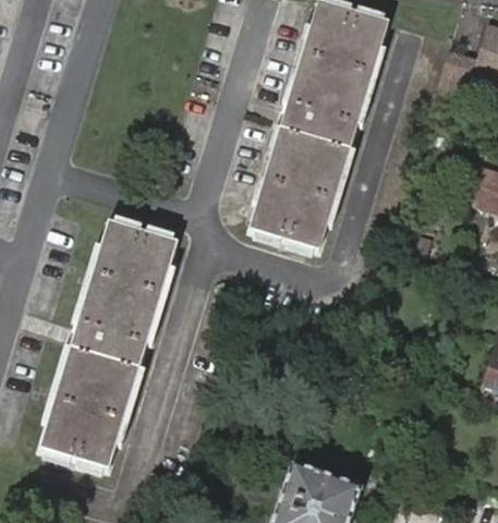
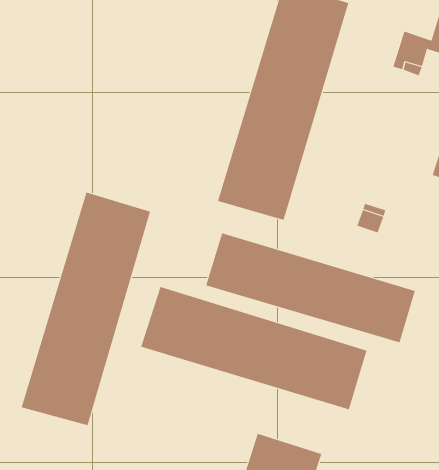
building: none -> [206,233,416,343]
building: none -> [140,286,367,410]

